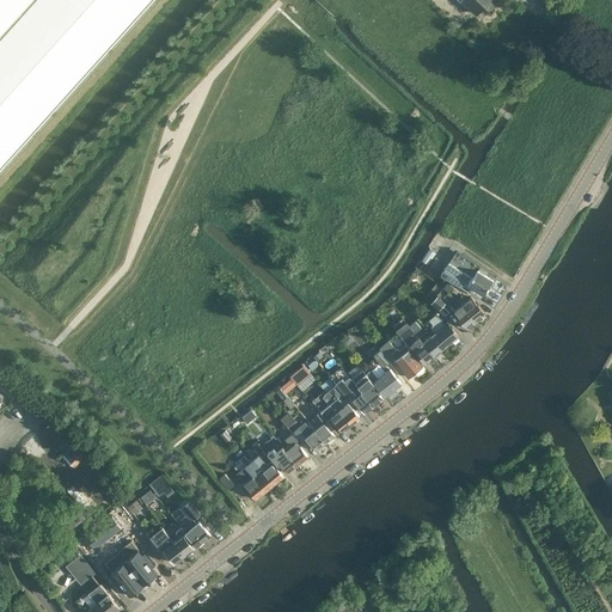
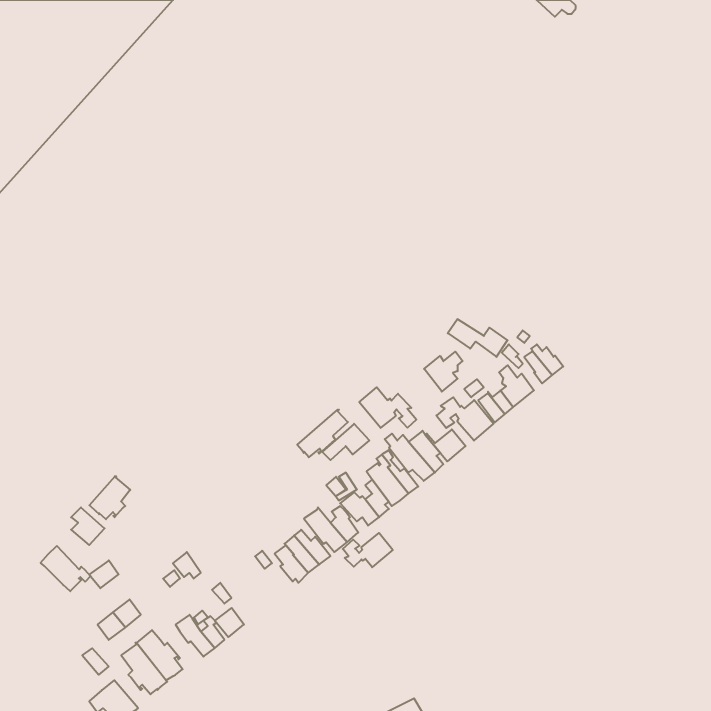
building: [440,263,491,295] -> [448,319,508,357]
building: none -> [424,352,463,392]
building: none -> [359,387,416,428]
building: none -> [297,410,348,457]
building: none -> [89,476,130,519]
building: none -> [343,533,393,567]
building: none -> [41,546,91,591]

